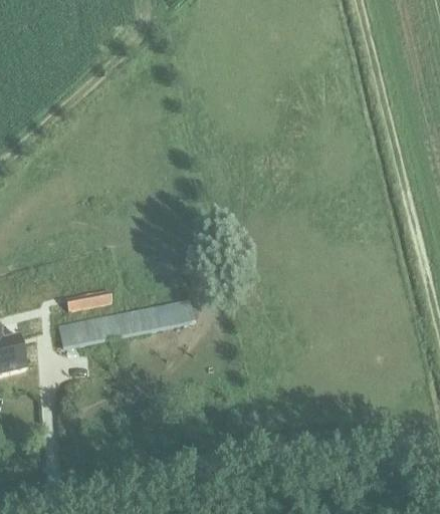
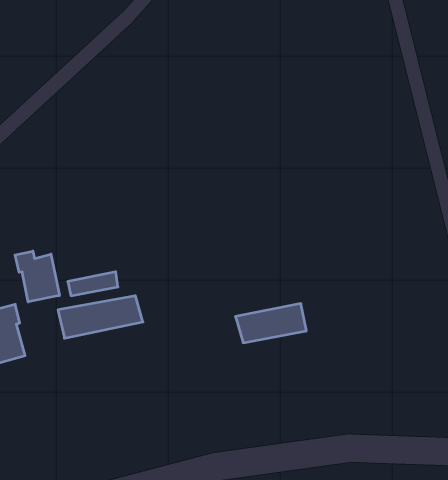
building: none -> [15,251,59,302]
building: [127,299,192,335] -> [235,304,306,343]

